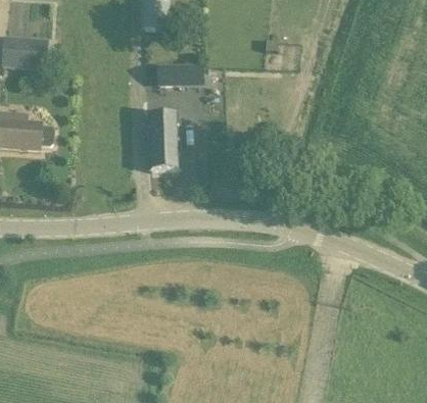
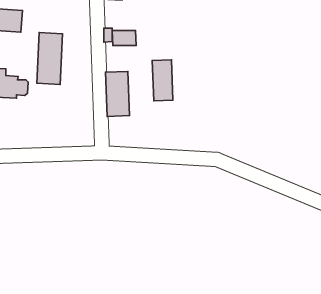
building: none -> [37,33,62,84]
building: none -> [152,60,173,101]

